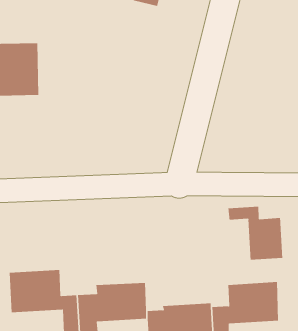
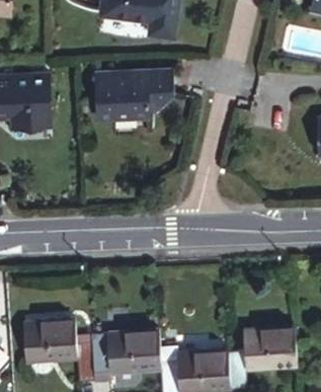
building: none -> [95,77,178,131]
building: [228,206,283,260] -> none

